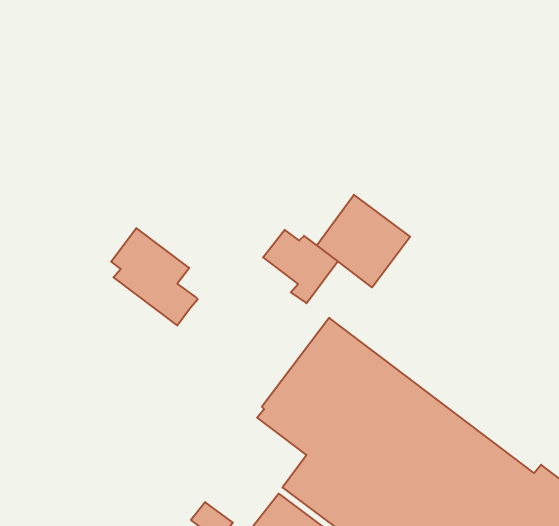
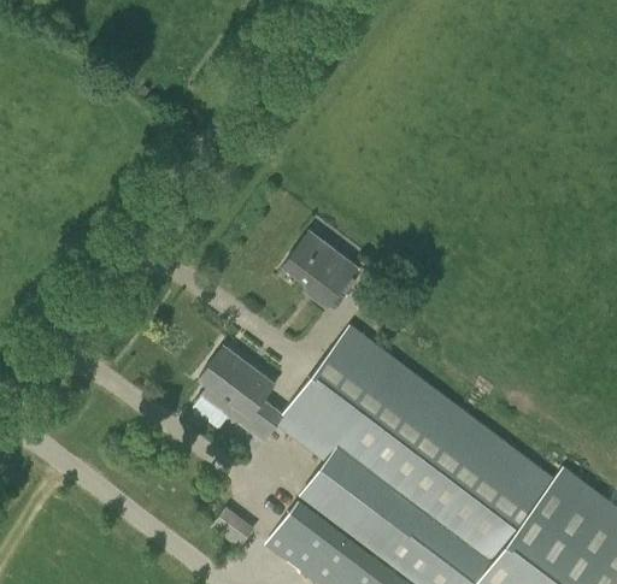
building: [317,195,410,287] -> none
building: [111,228,198,326] -> [199,346,286,443]

